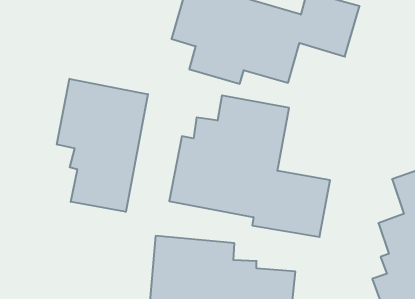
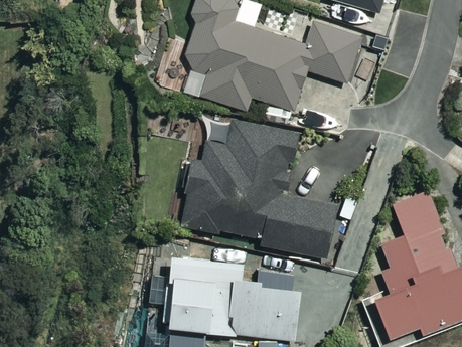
building: [57,79,148,212] -> none

